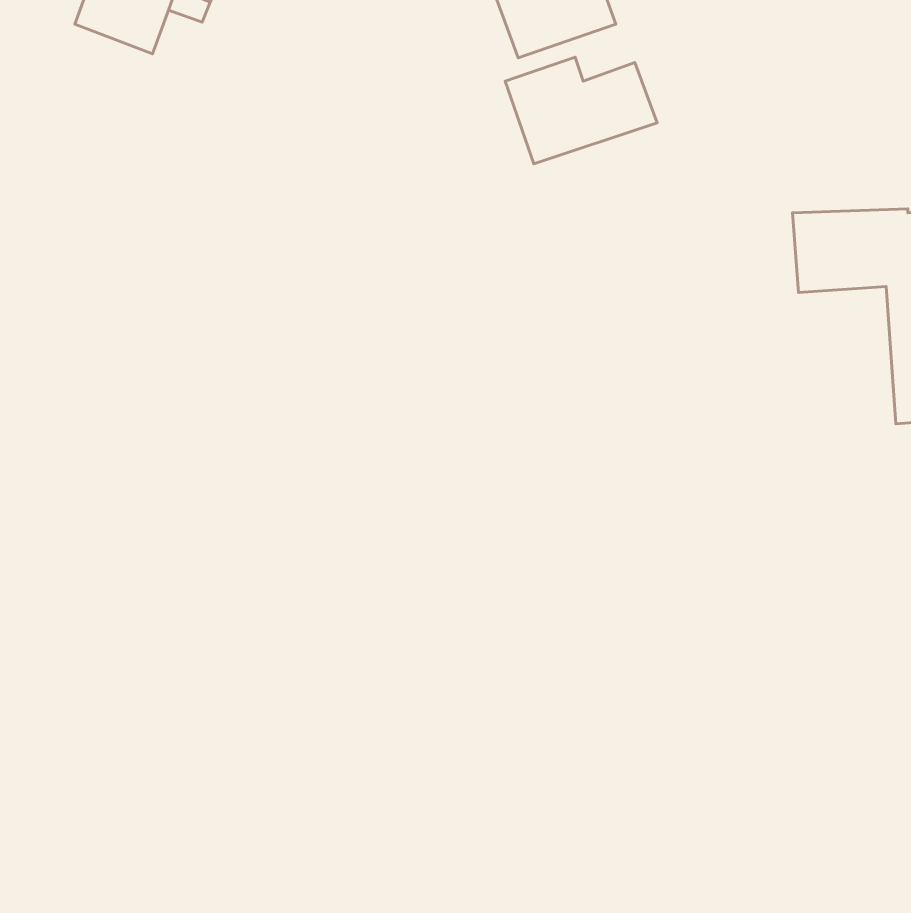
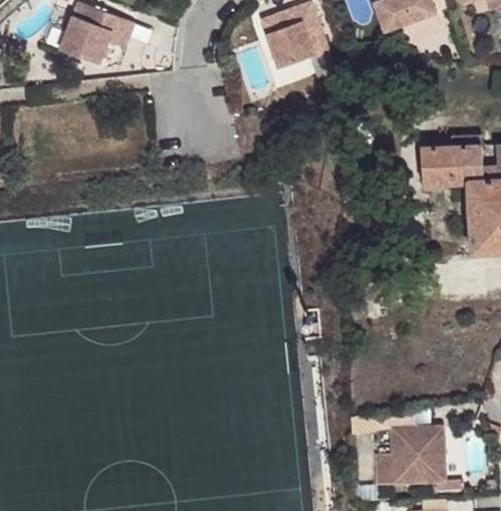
building: [505,57,657,164] -> none
building: none -> [375,428,444,485]

